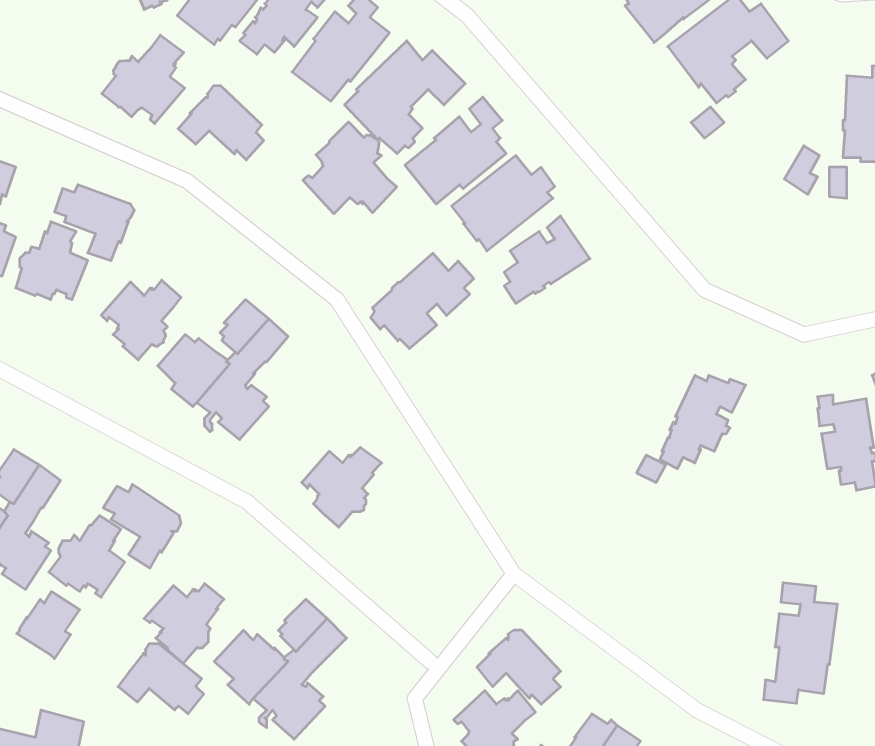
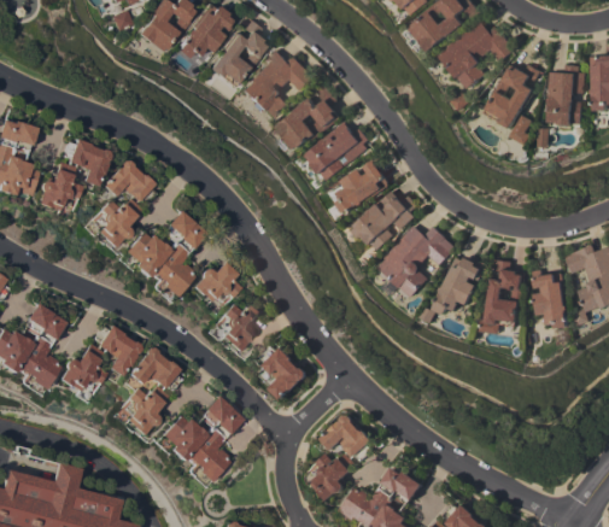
building: [102,35,185,124] -> none
building: none -> [486,64,541,128]
building: [178,86,264,160] -> [100,159,153,205]
building: [303,122,397,214] -> none
building: [371,253,474,349] -> [353,191,417,250]
building: none -> [379,224,456,297]
building: none -> [189,257,239,306]
building: none -> [262,346,306,399]
building: [763,583,837,703] -> [479,258,525,333]
building: [17,592,80,659] -> none
building: [118,644,204,714] -> [125,347,178,391]

